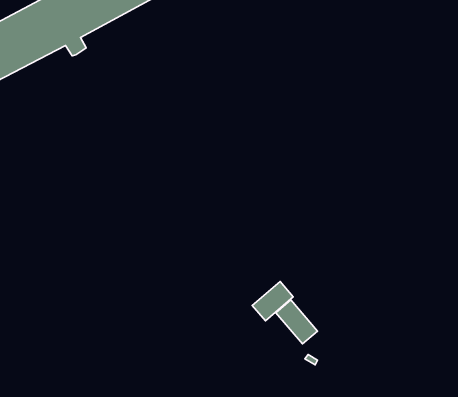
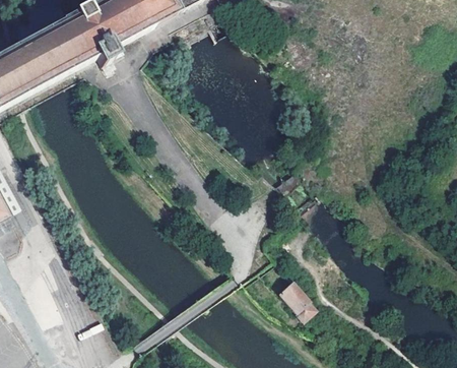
building: [252,282,293,321] -> none

